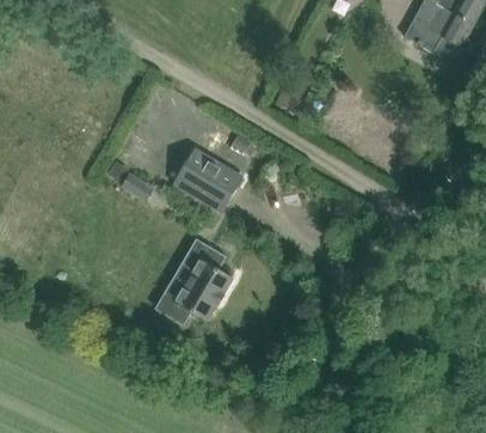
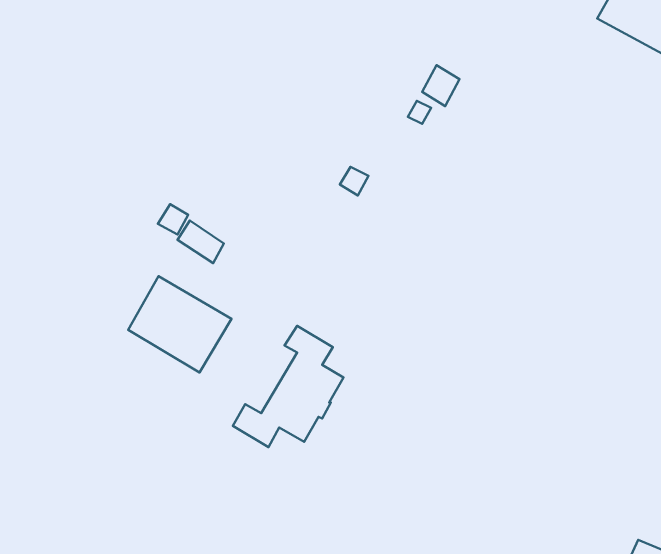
building: [173,147,242,212] -> [128,276,232,373]

